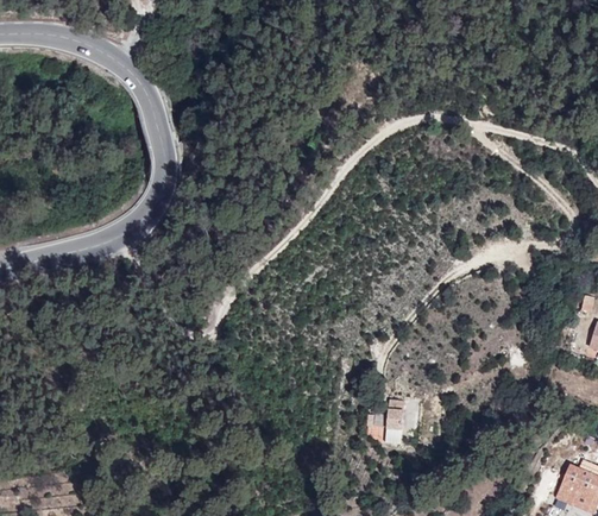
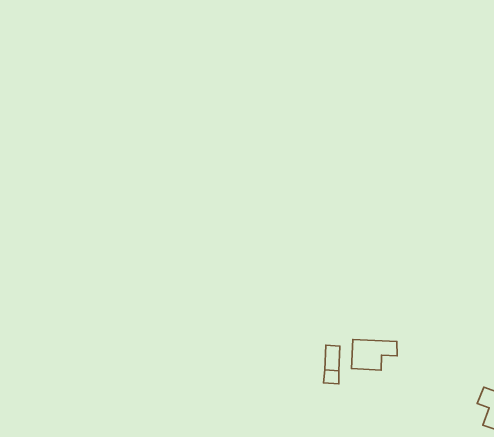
building: none -> [352,340,397,370]

